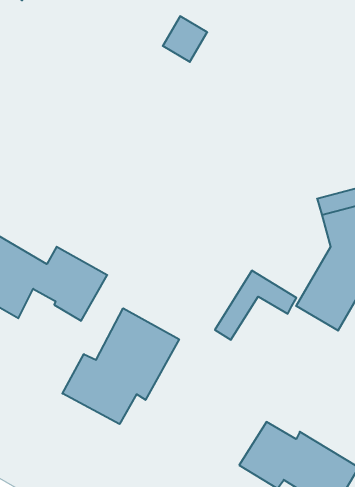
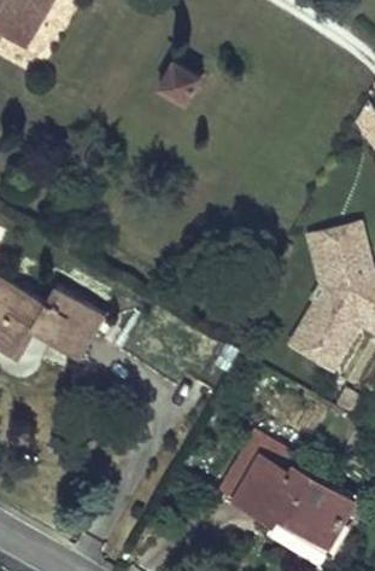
building: [215,271,296,340] -> [219,433,299,501]
building: [62,308,179,424] -> none

